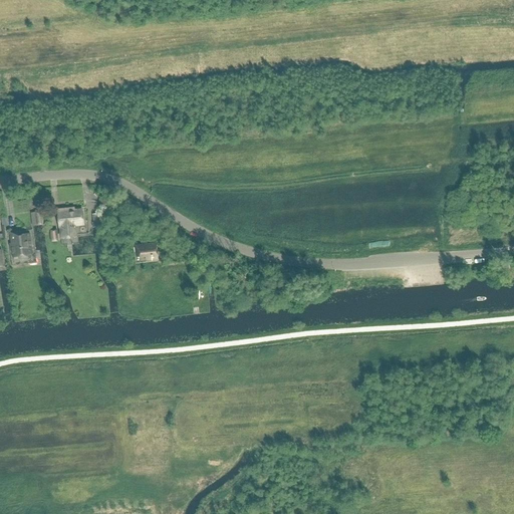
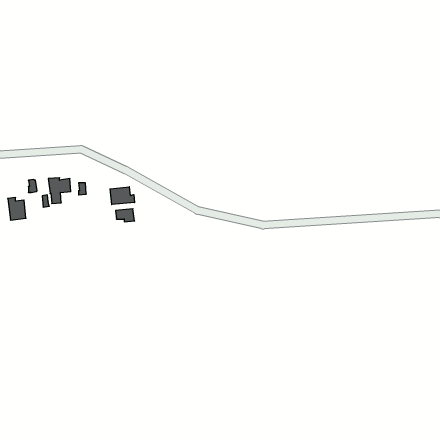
building: none -> [110,187,135,205]

